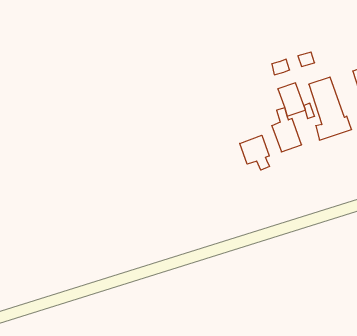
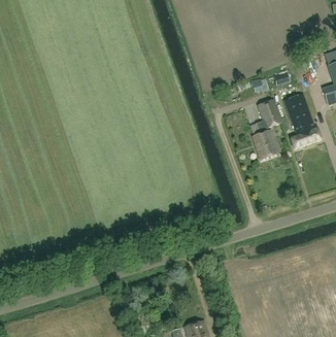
building: [240,135,269,170] -> none

